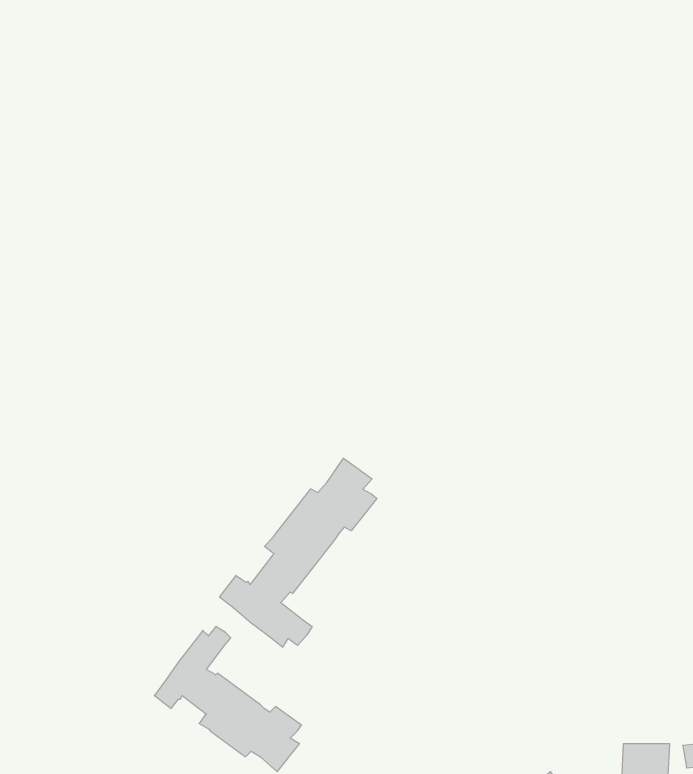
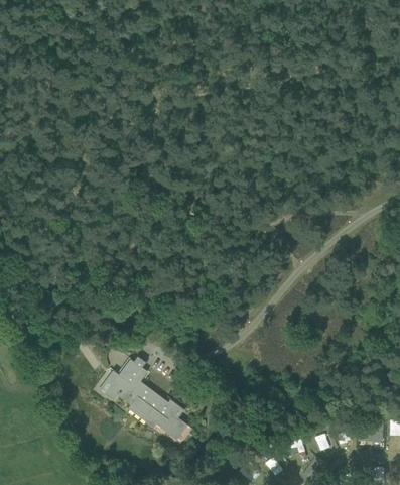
building: [220,458,377,647] -> none

